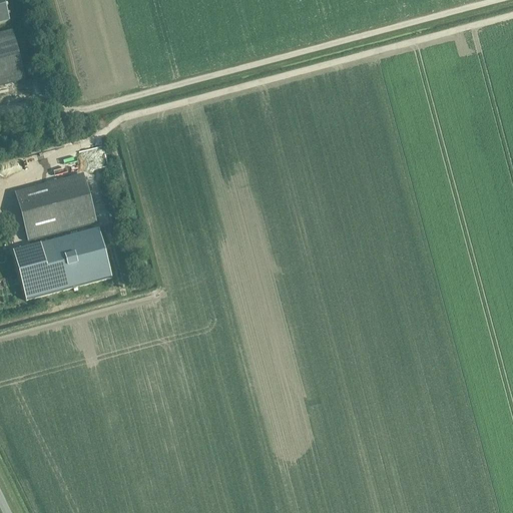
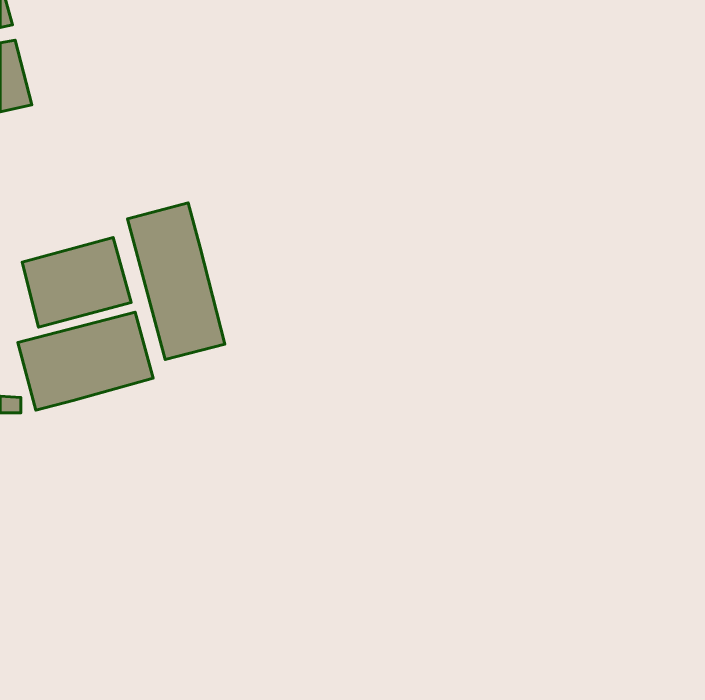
building: none -> [127,203,225,359]

